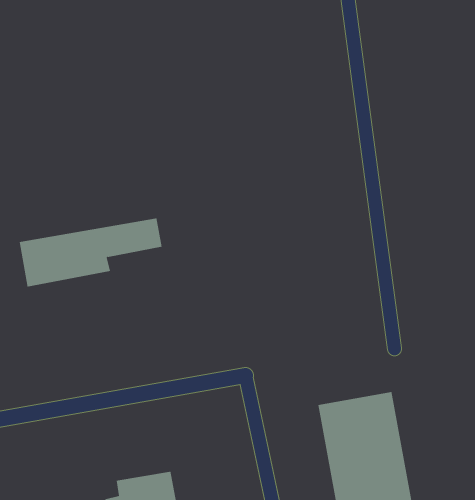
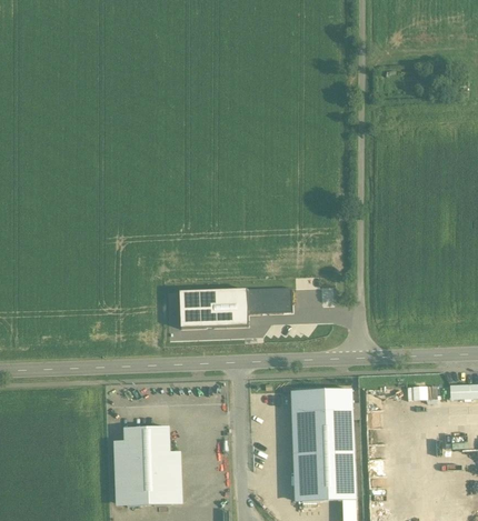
building: [19,218,163,287] -> [179,287,291,327]

